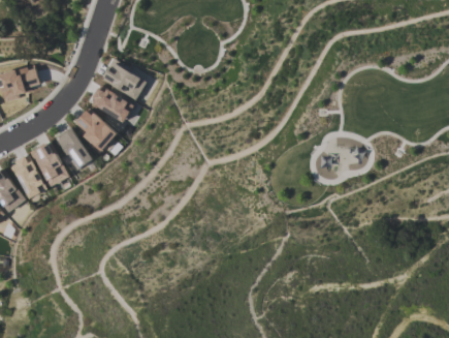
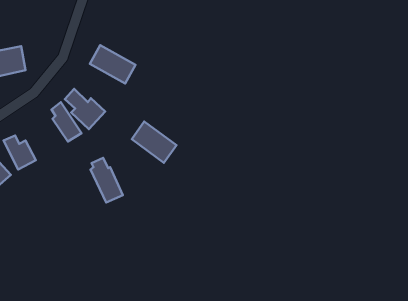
building: [88,92,132,133] -> [132,121,176,163]
building: [37,139,69,183] -> [91,158,123,203]

